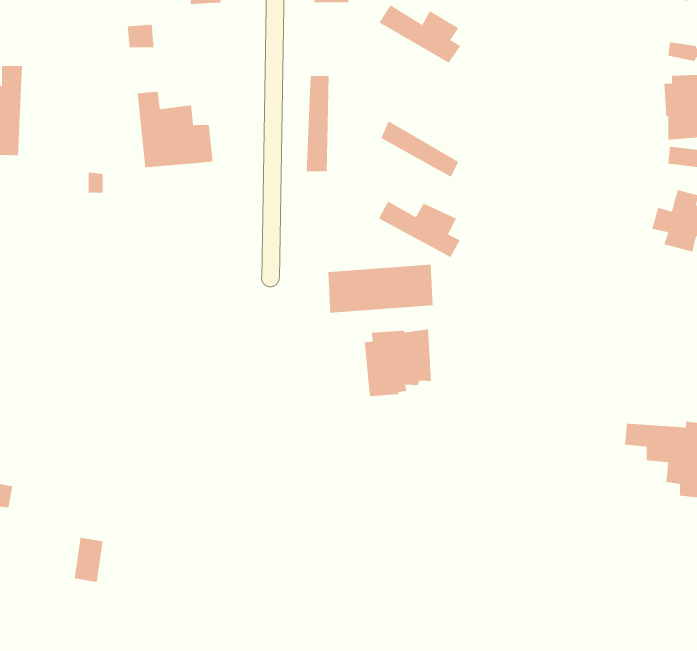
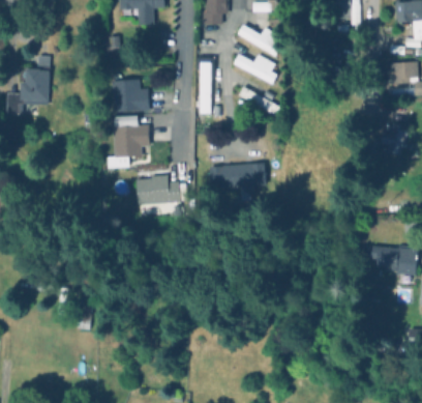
building: none -> [113,115,150,164]
building: [378,201,461,258] -> [233,54,276,84]
building: none -> [135,174,180,205]
building: [364,329,431,397] -> none

